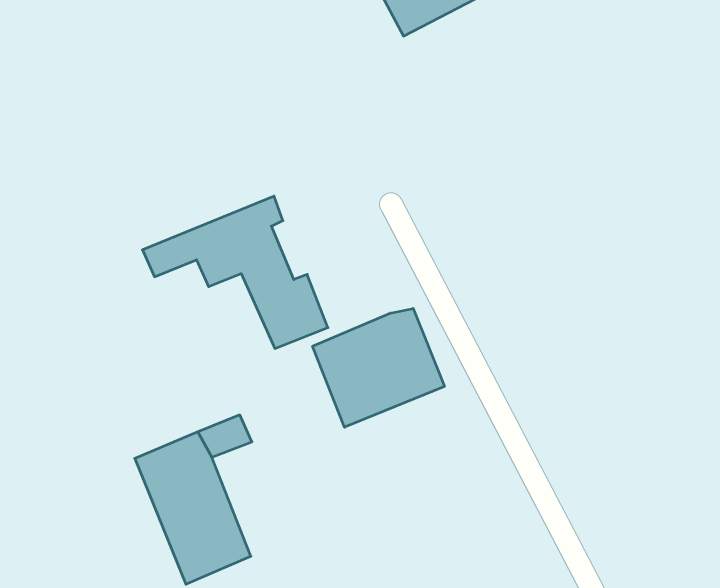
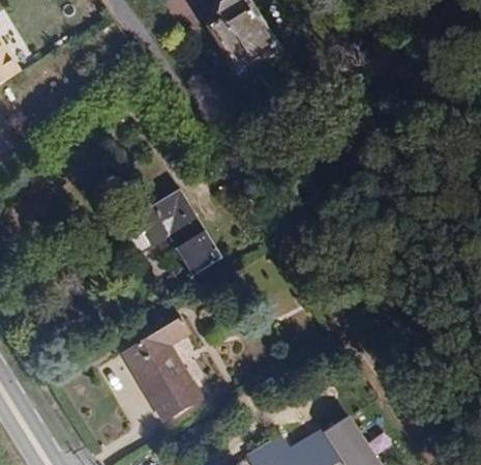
building: [313,308,444,427] -> none

